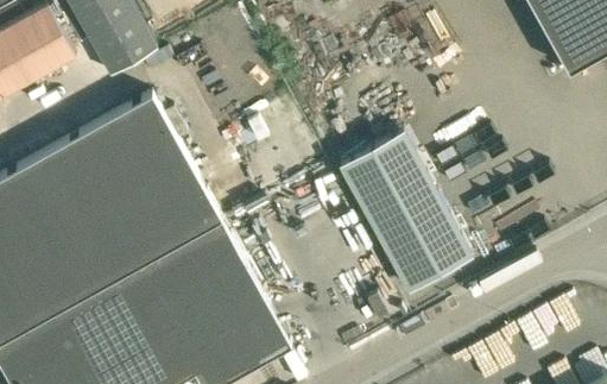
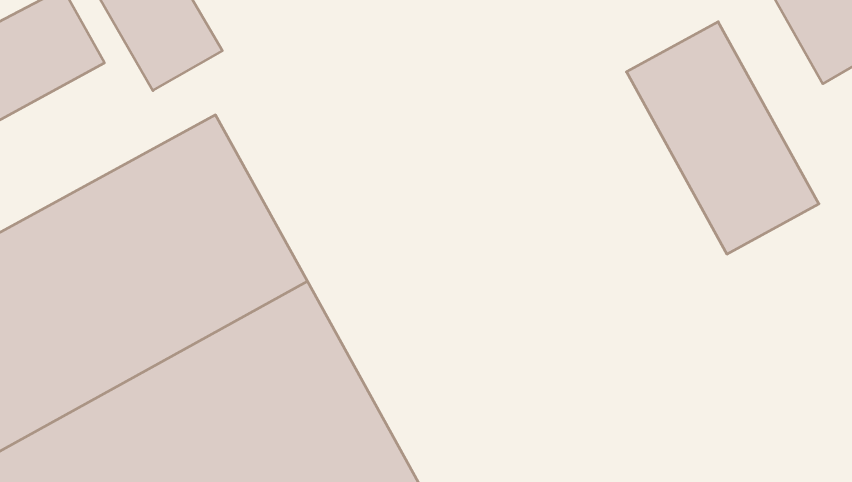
building: [341,133,473,292] -> [626,22,819,254]

